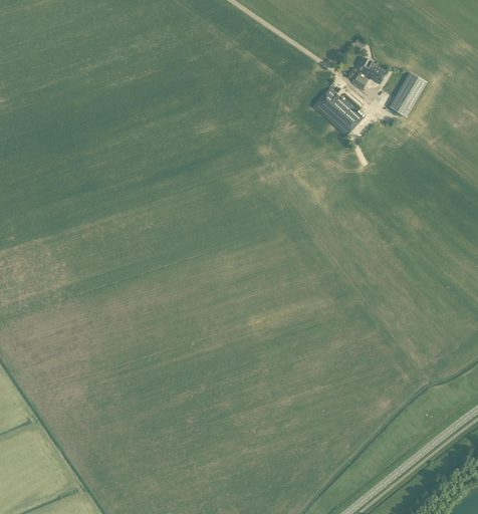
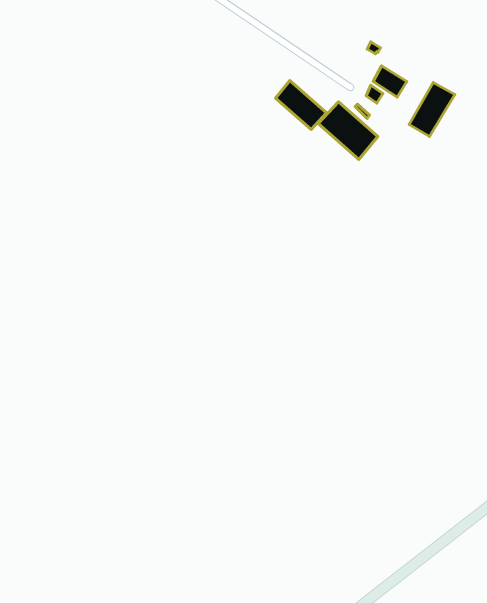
building: none -> [275,80,327,130]

